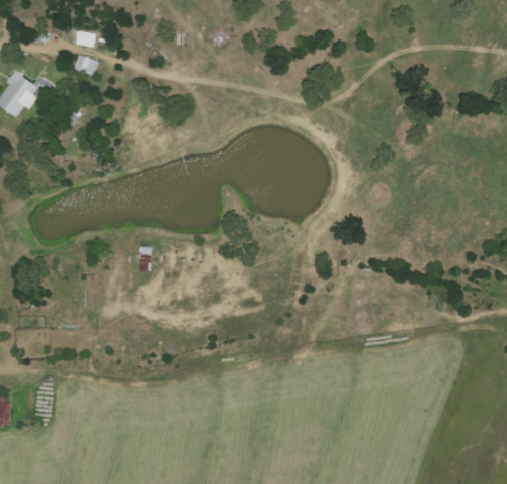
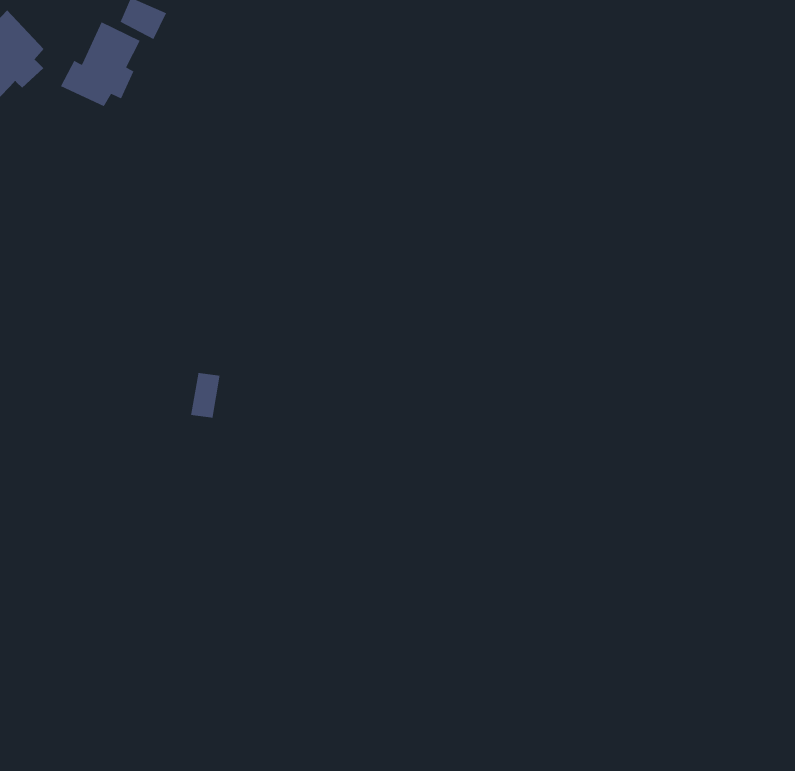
building: none -> [60,21,141,107]

